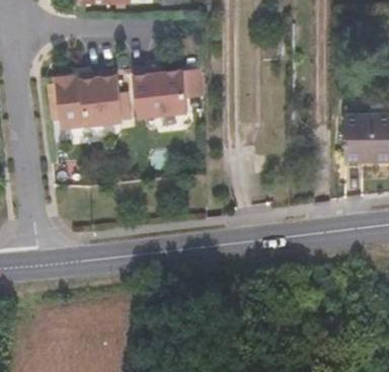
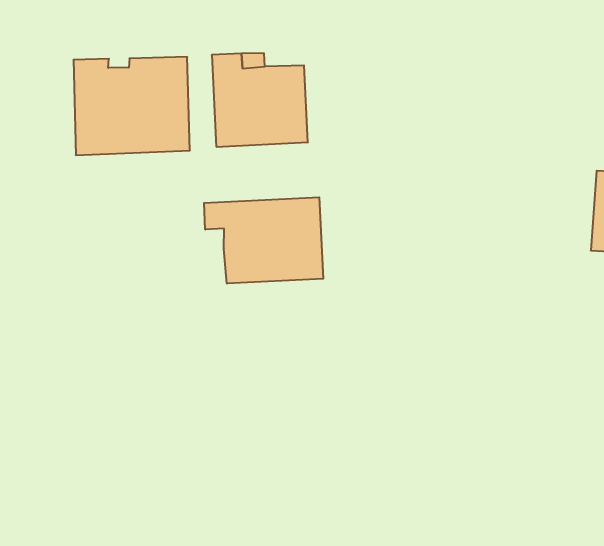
building: none -> [204,197,323,284]

